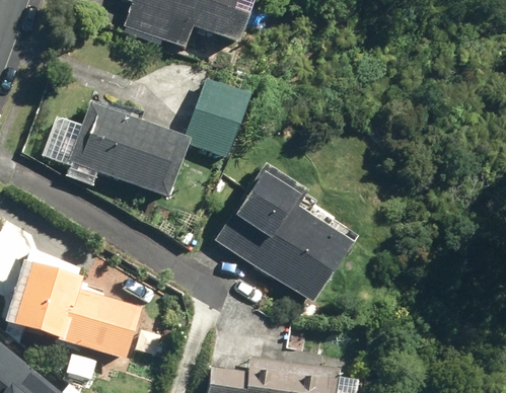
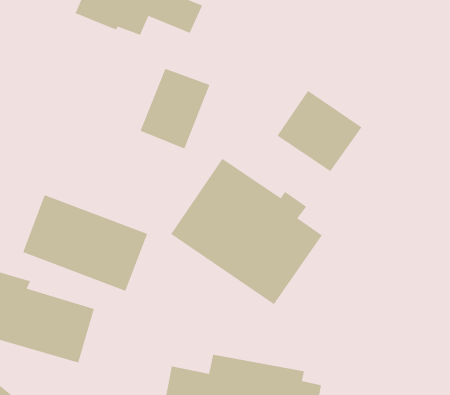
building: none -> [276,90,362,172]
building: [66,104,187,198] -> [22,194,148,292]

